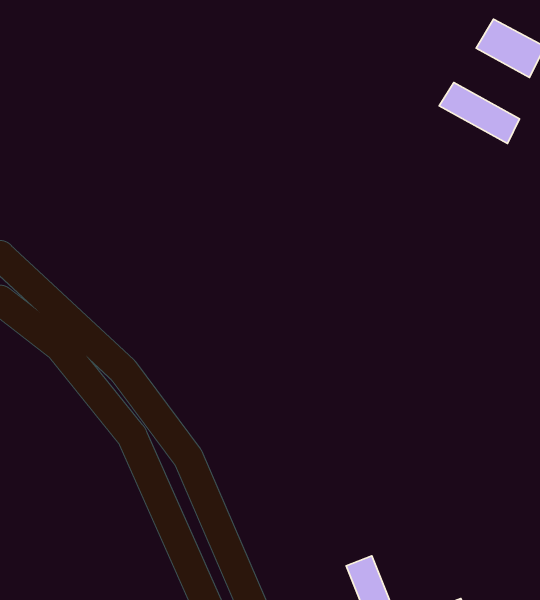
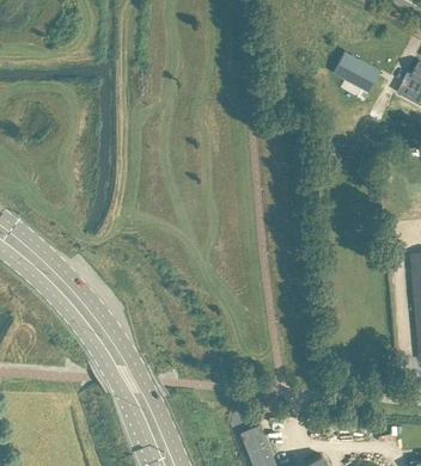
building: [439,82,519,144] -> none

